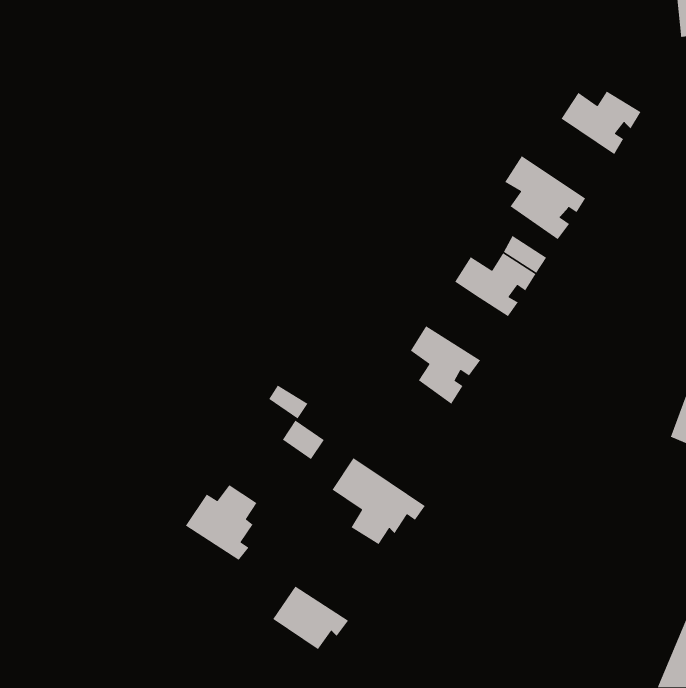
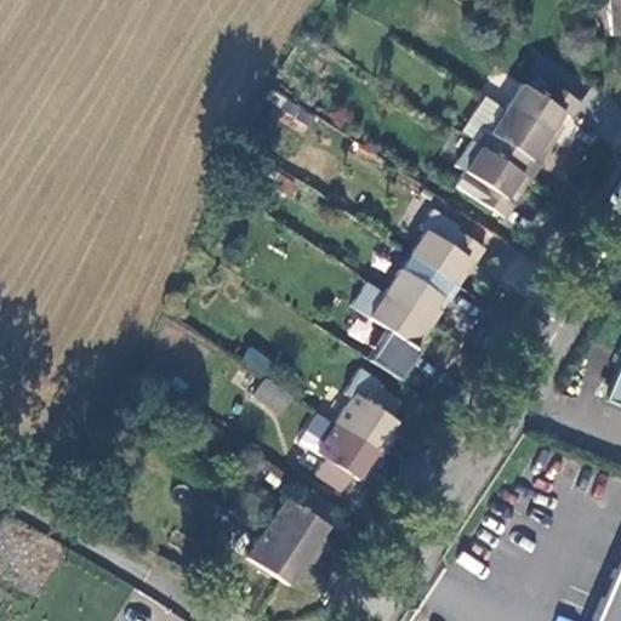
building: none -> [472,107,556,178]
building: none -> [386,266,460,324]
building: none -> [337,386,400,455]
building: [185,484,258,561] -> [268,489,334,558]

